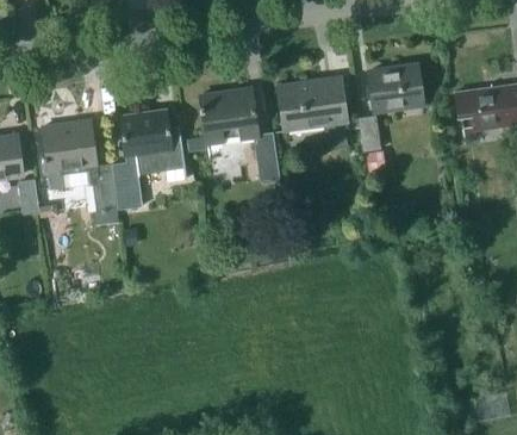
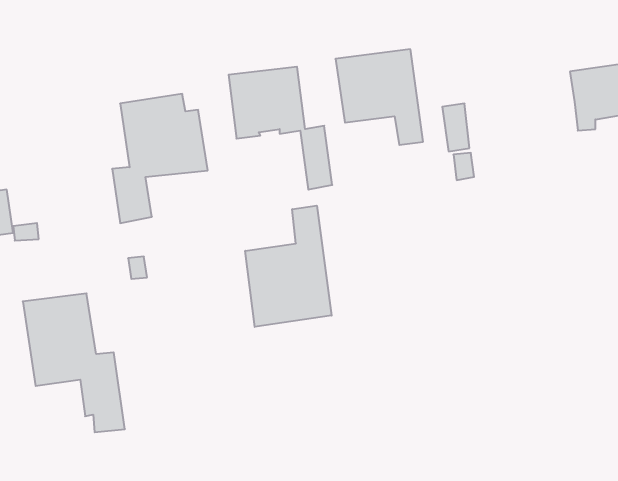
building: [368,66,422,111] -> none
building: [42,122,118,225] -> [23,293,125,432]
building: none -> [245,206,332,327]

